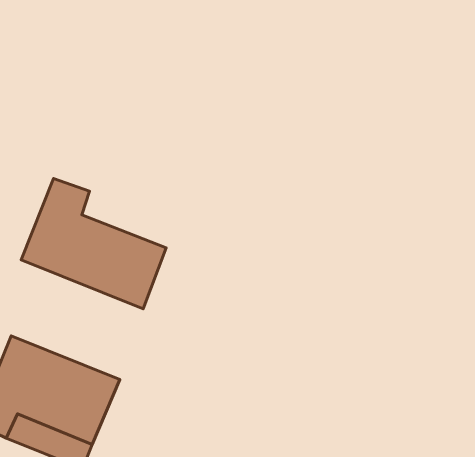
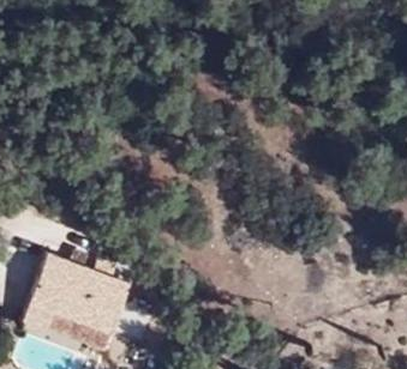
building: [21,179,166,309] -> none

